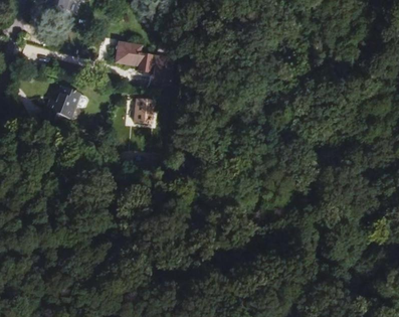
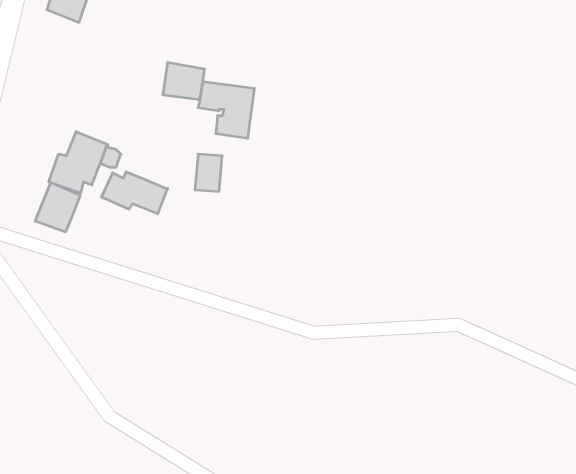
building: none -> [101,172,168,214]
building: none -> [35,182,80,232]

